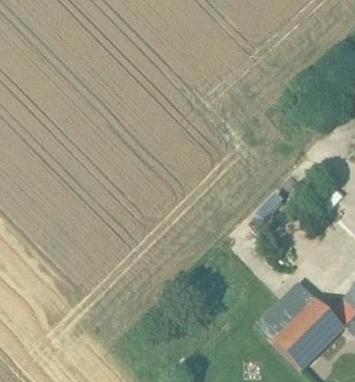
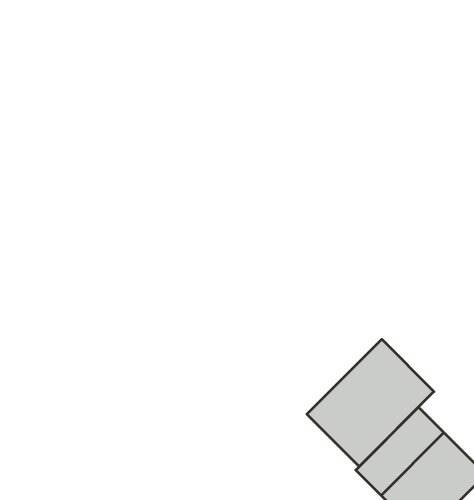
building: none -> [307,339,434,467]

